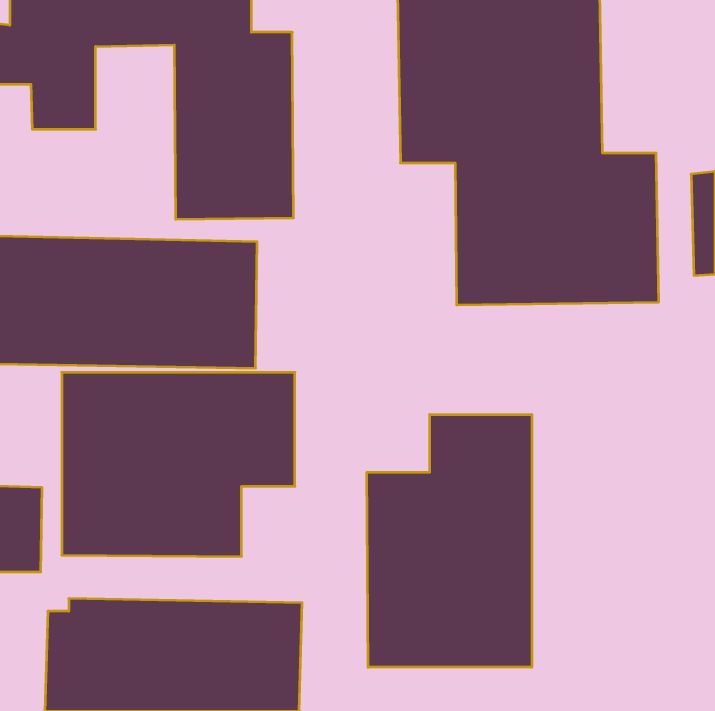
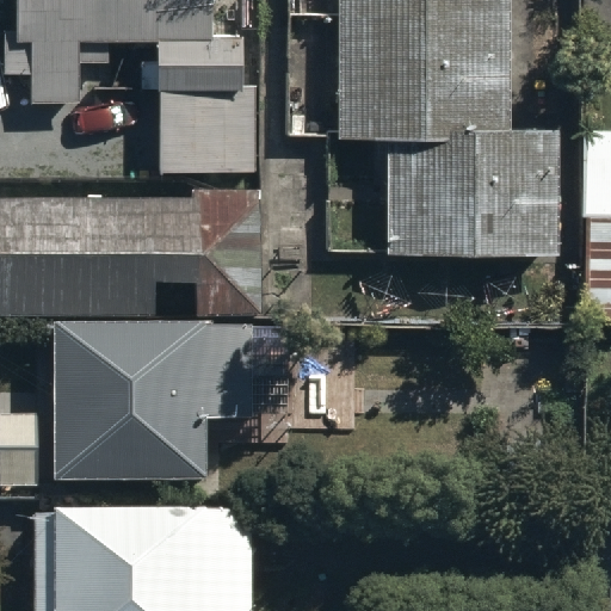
building: [367,414,532,667] -> none

